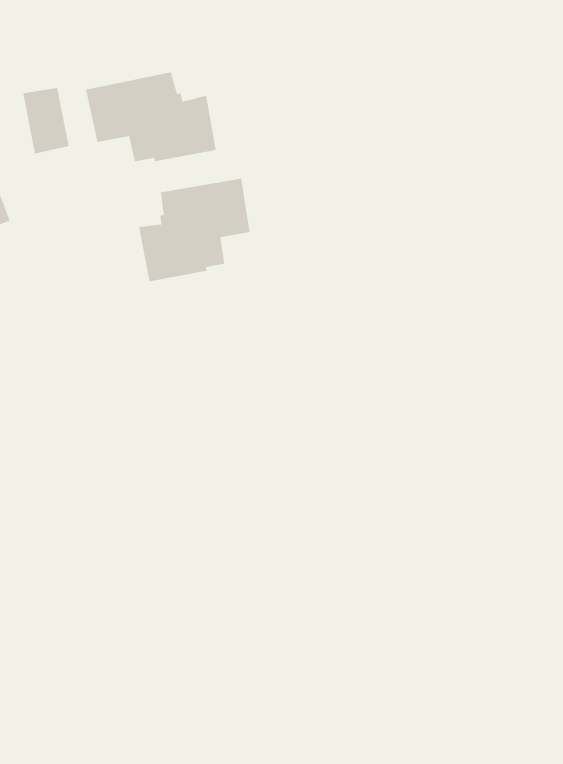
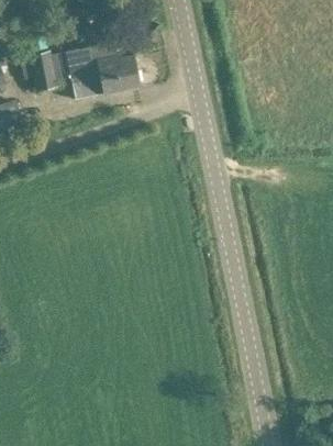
building: [138,178,250,282] -> none

